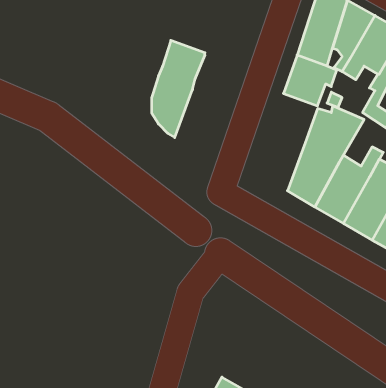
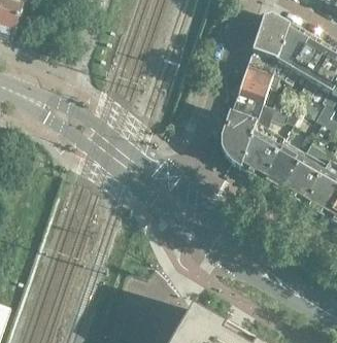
building: [152,40,205,138] -> [223,92,263,165]

